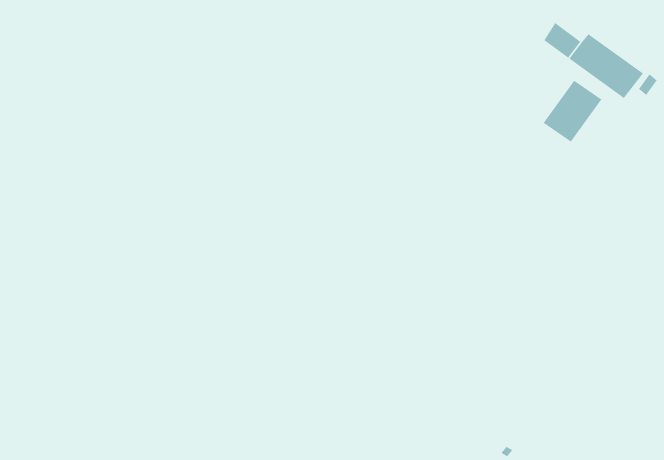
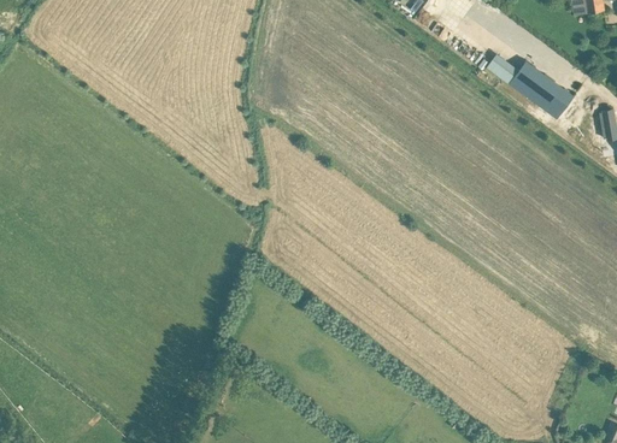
building: [543,80,602,142] -> none

